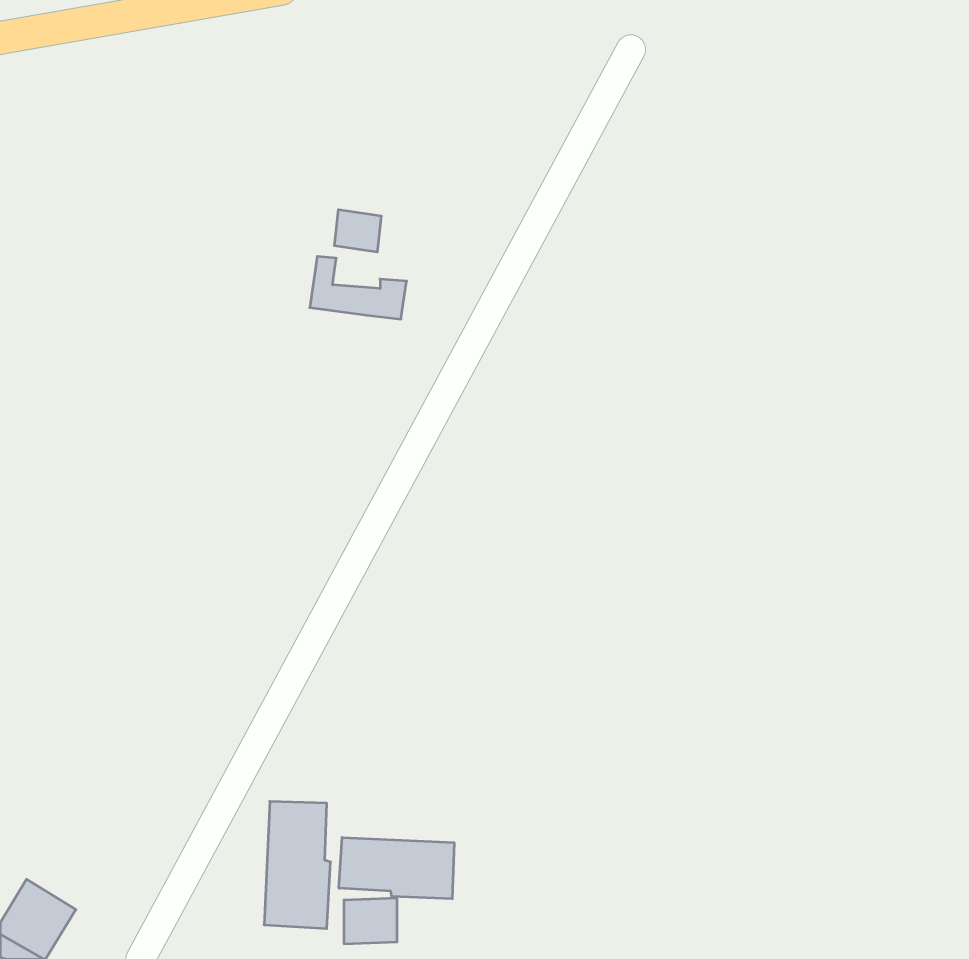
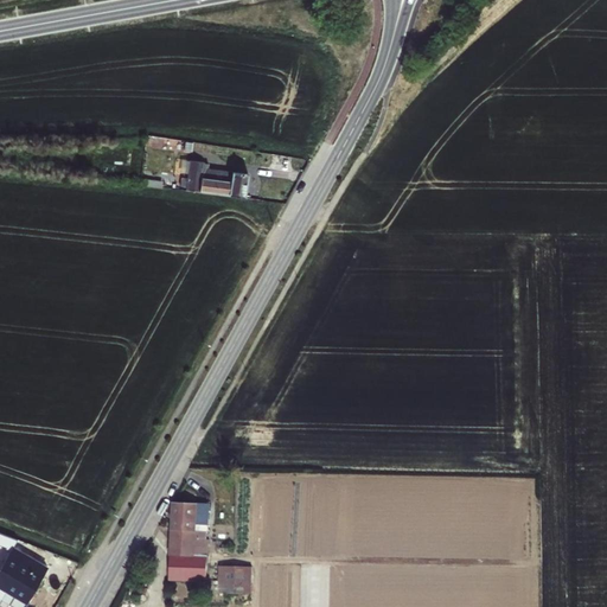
building: [334,210,381,252] -> none
building: [339,837,454,899] -> none

